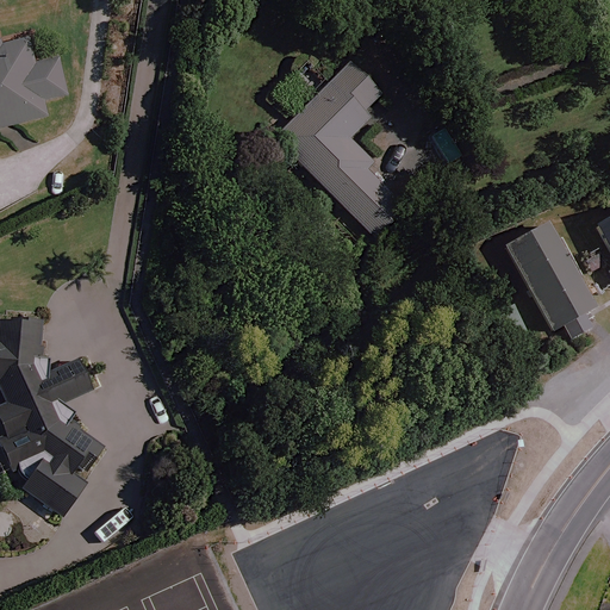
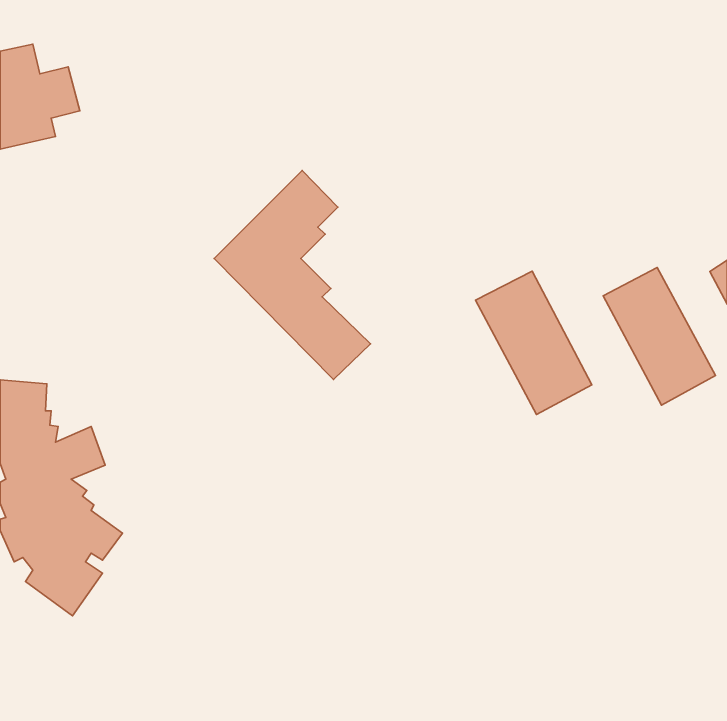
building: [275,62,406,237] -> [214,170,371,379]
building: none -> [475,271,592,415]

